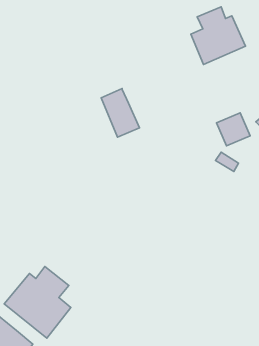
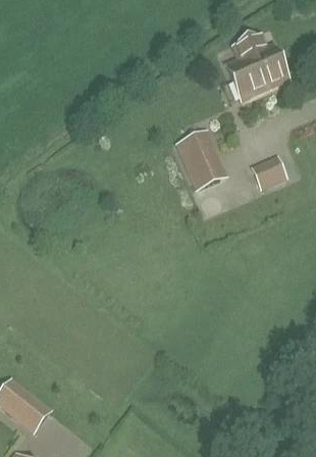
building: [101,89,139,137] -> [177,134,220,188]
building: [4,266,71,338] -> none

